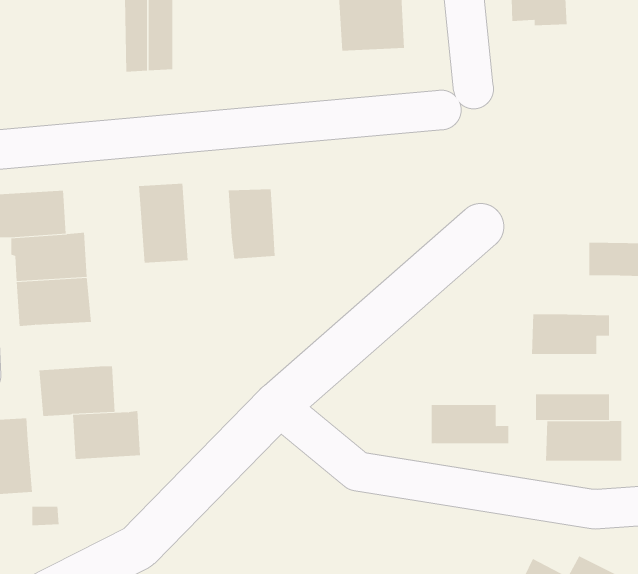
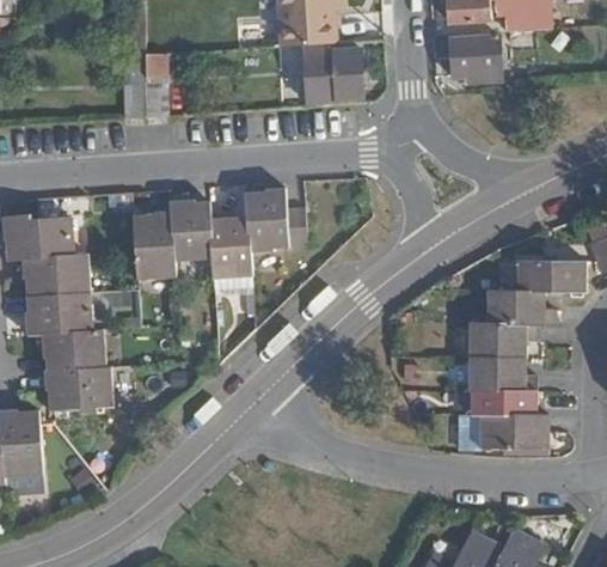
building: none -> [246,188,308,254]
building: none -> [171,199,213,261]
building: none -> [488,291,554,324]
building: [431,404,509,444] -> [468,358,535,391]
building: [72,410,141,460] -> [47,329,105,371]

